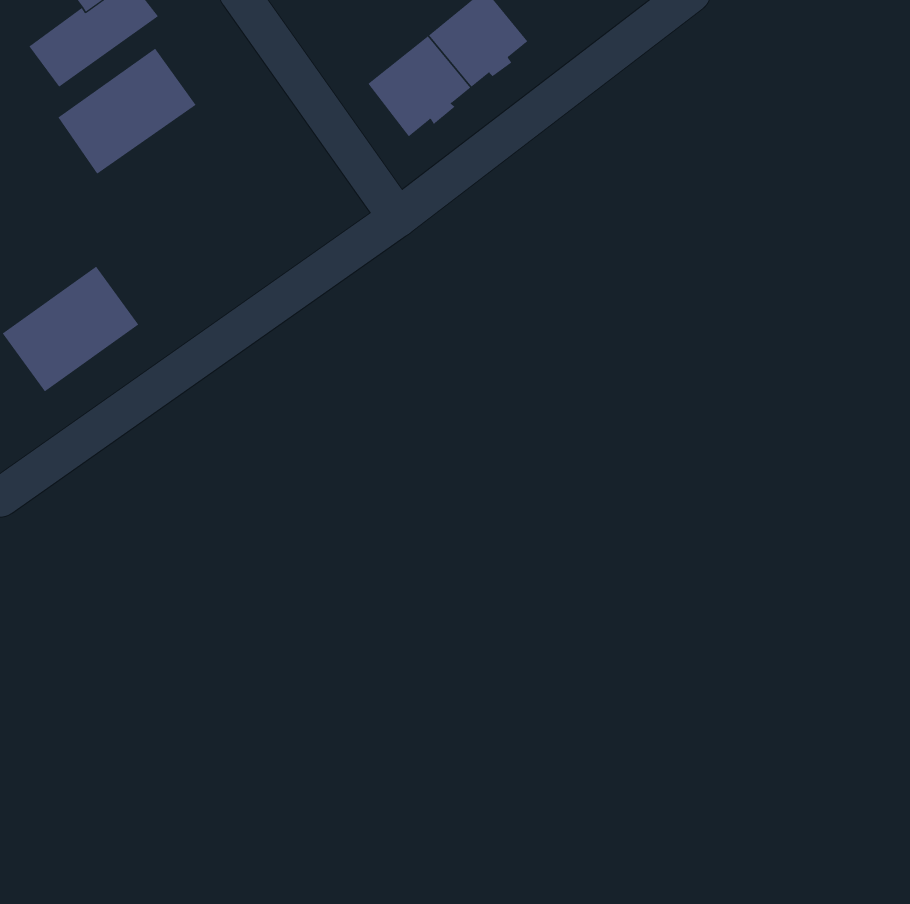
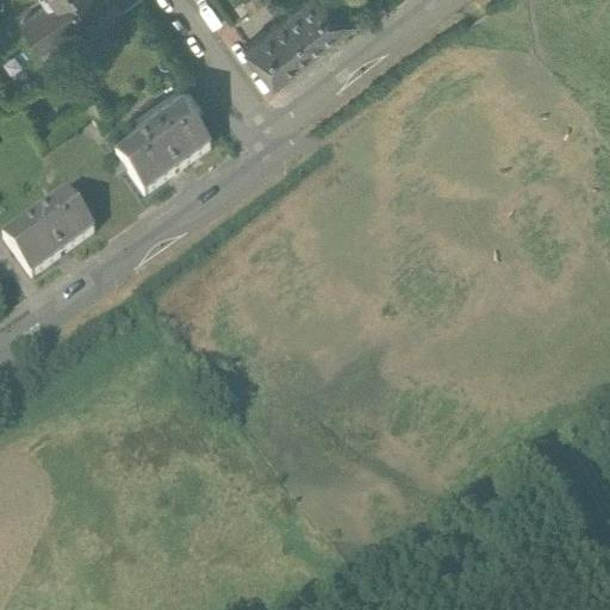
building: [57,48,197,174] -> [118,95,211,180]

